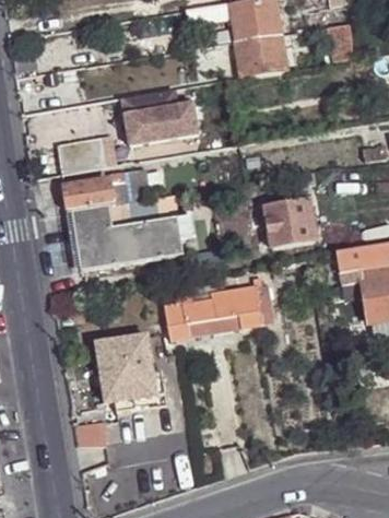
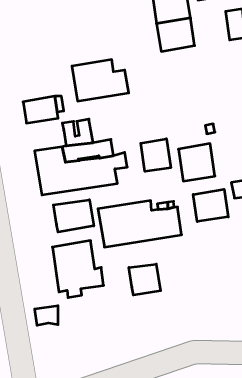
building: [62,183,114,213] -> none
building: none -> [141,139,171,171]
building: none -> [193,189,228,222]
building: none -> [53,200,94,232]
building: none -> [129,264,161,295]

